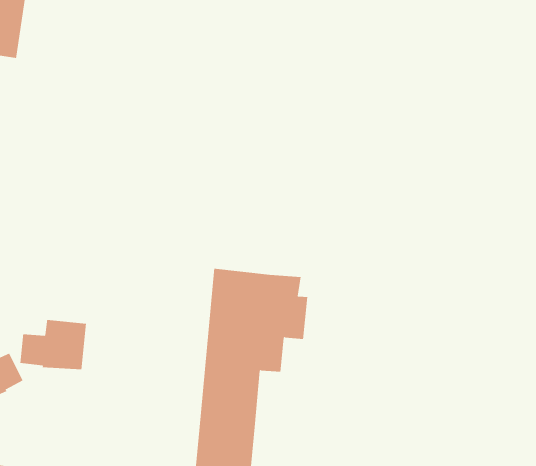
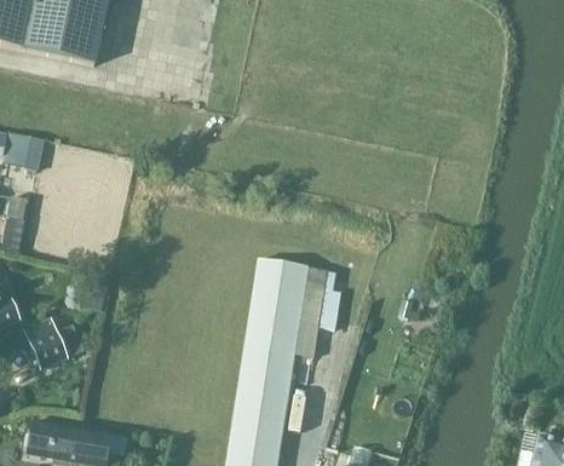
building: [20,319,86,370] -> none

